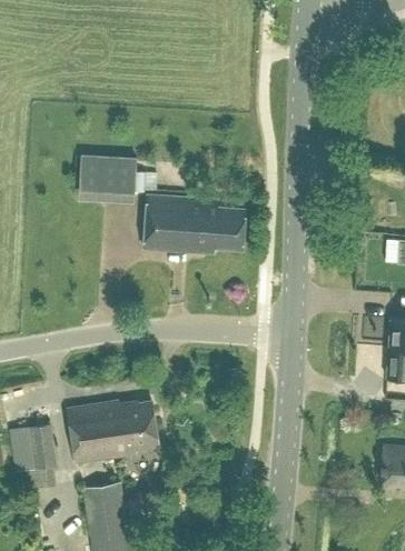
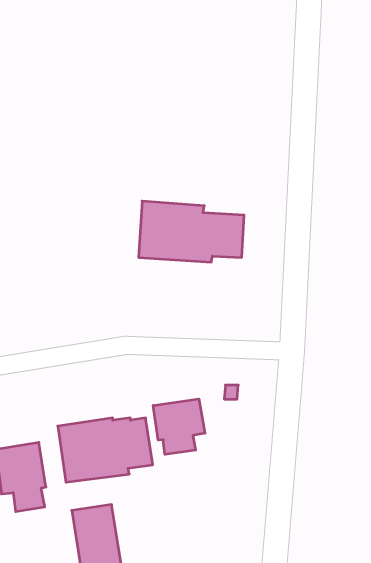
building: [79,156,157,193] -> none
building: none -> [153,399,205,454]

